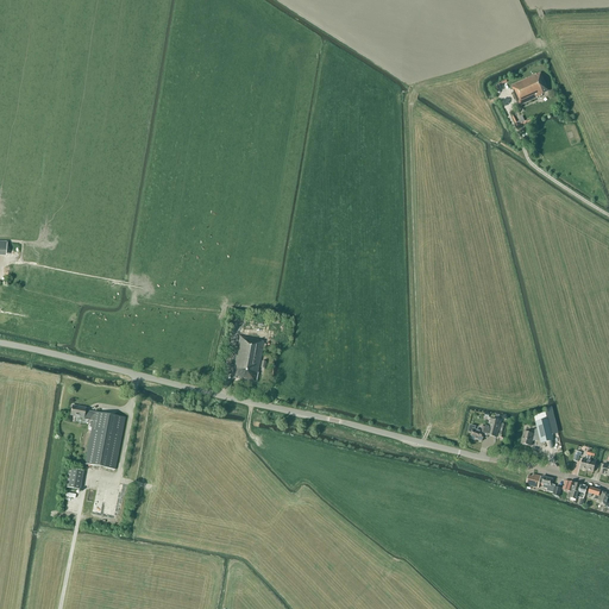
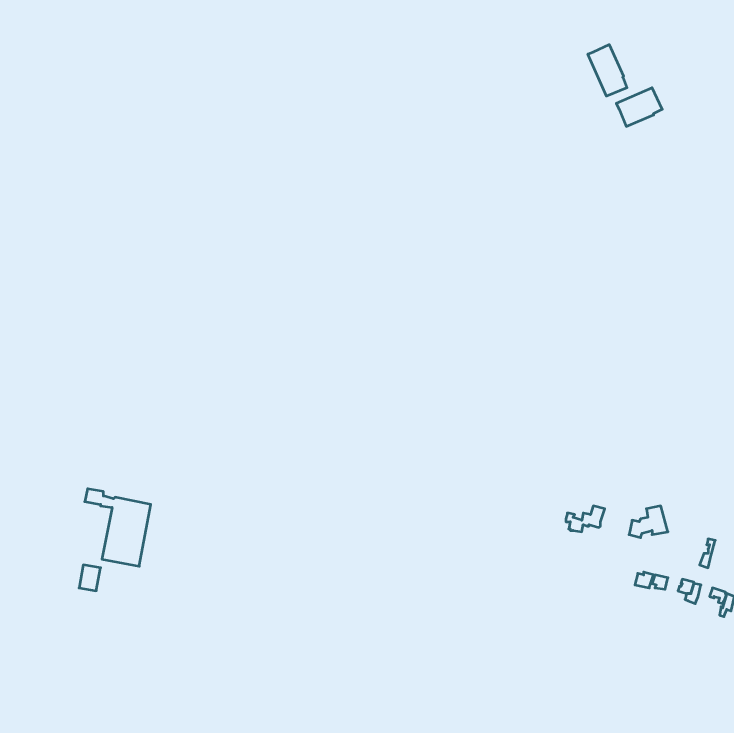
building: none -> [588,45,627,96]
building: [232,335,264,382] -> none

